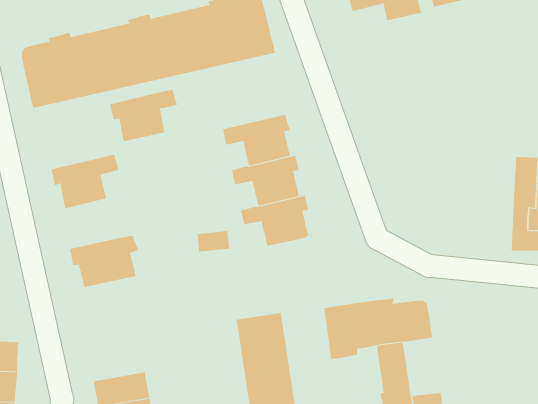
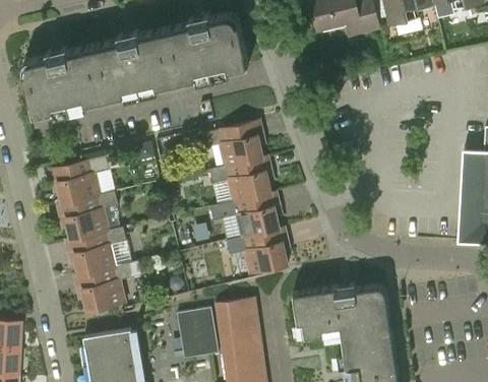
building: [109,89,178,142] -> [57,192,118,239]
building: none -> [226,228,287,273]
building: none -> [73,261,140,312]
building: none -> [176,307,218,358]
building: none -> [363,319,396,371]
building: none -> [83,331,133,358]

